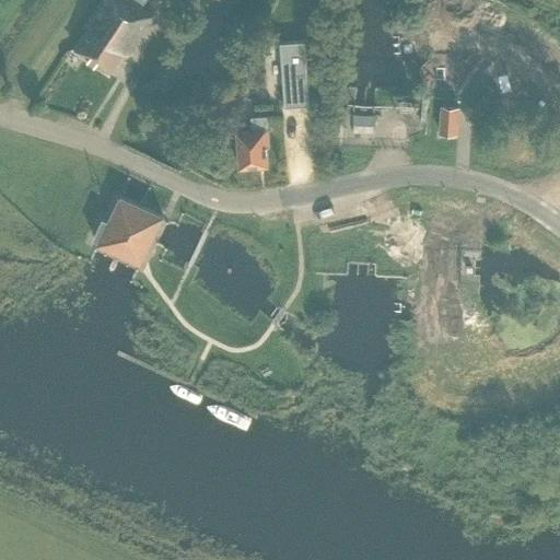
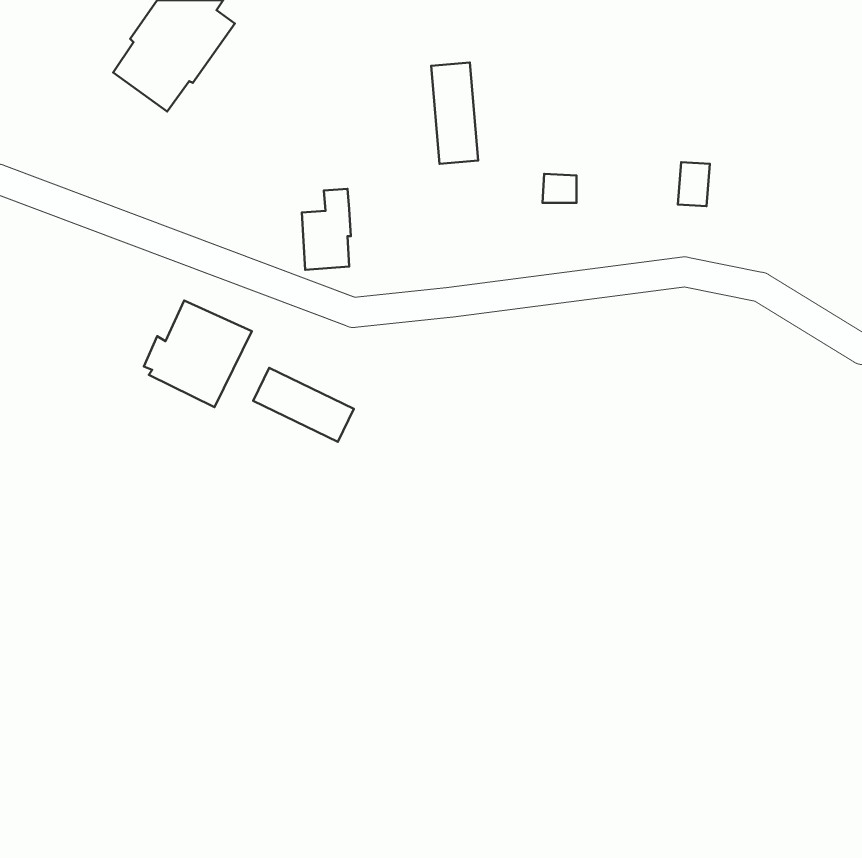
building: [236,118,268,171] -> [302,189,351,270]
building: none -> [253,368,354,442]

